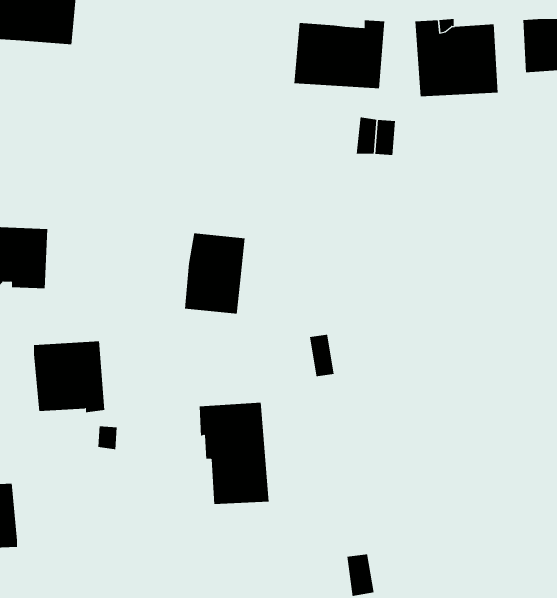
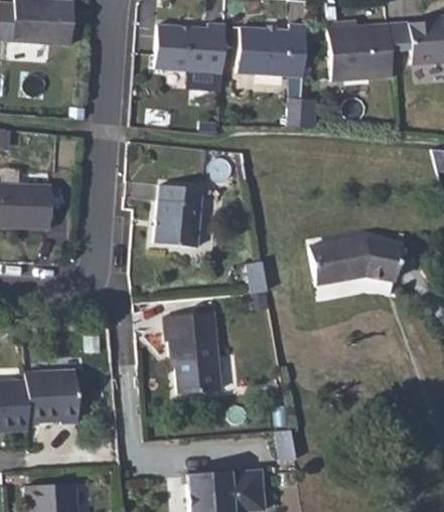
building: none -> [154,24,227,74]
building: none -> [312,237,406,283]
building: [33,341,105,413] -> [24,365,79,419]

